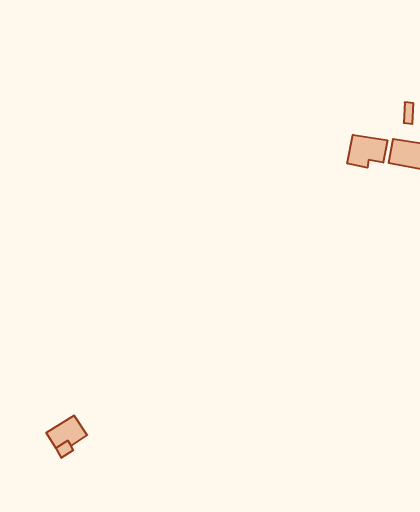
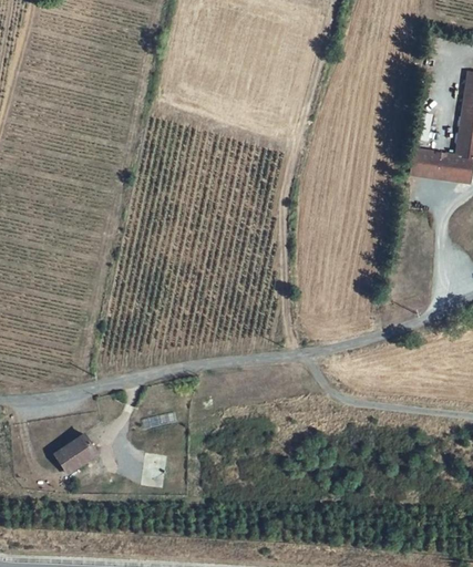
building: [347,135,387,168] -> none

